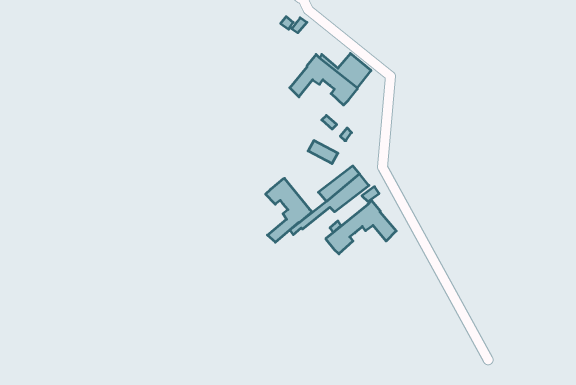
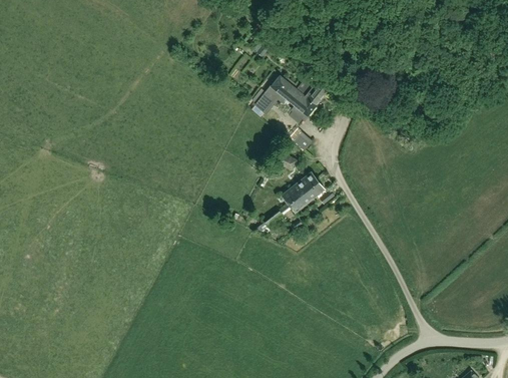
building: [266,178,312,242] -> none
building: [326,201,396,254] -> none

